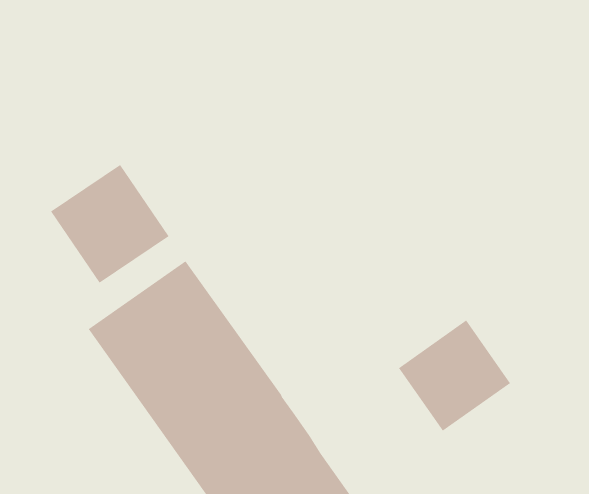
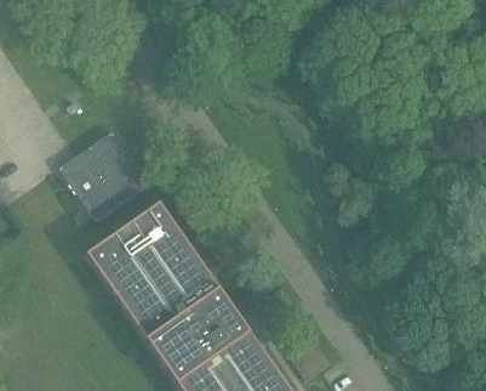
building: [398,320,511,432] -> none

